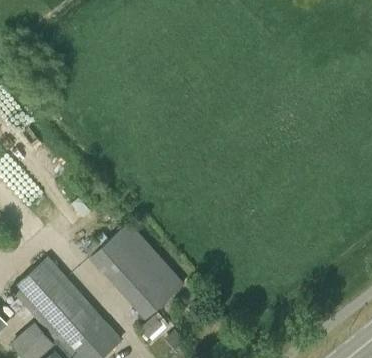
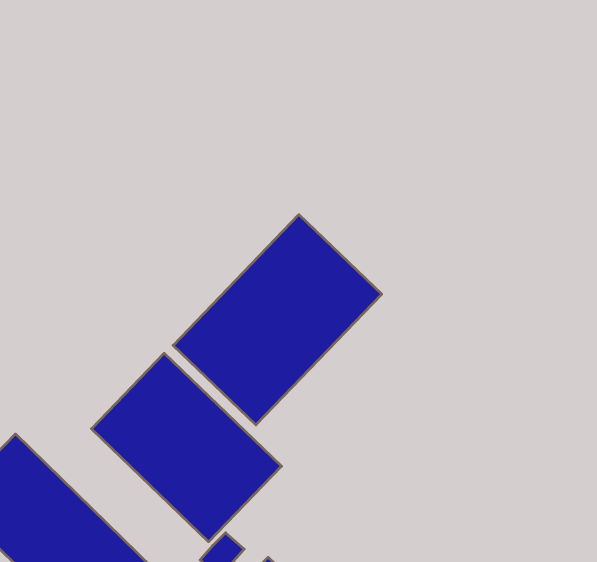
building: none -> [173,215,382,425]

